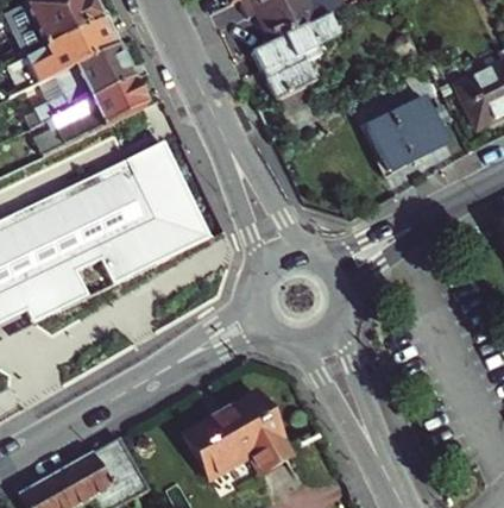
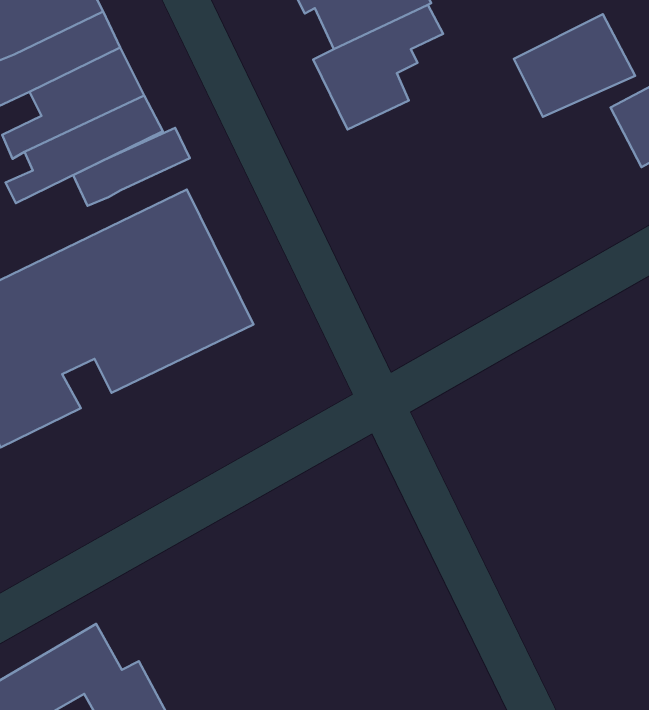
building: [368,95,453,167] -> [514,14,635,117]
building: none -> [73,128,190,206]
building: [181,389,288,476] -> none

